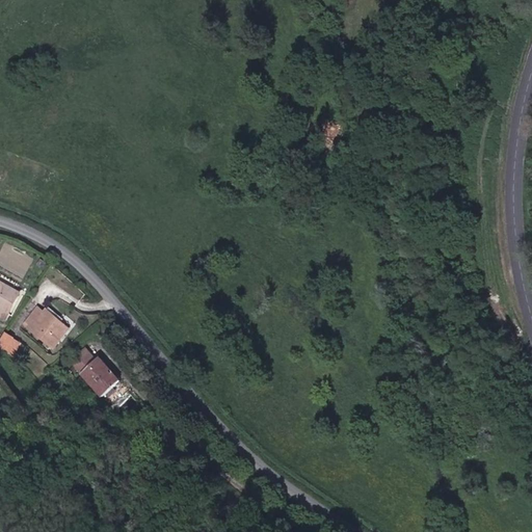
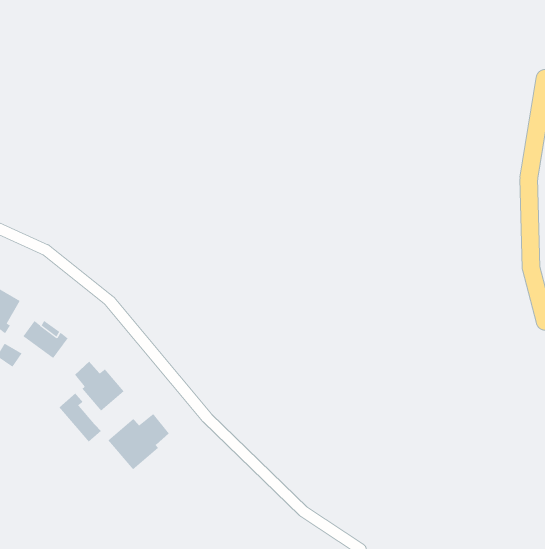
building: none -> [58,393,102,443]
building: none -> [108,413,169,470]

